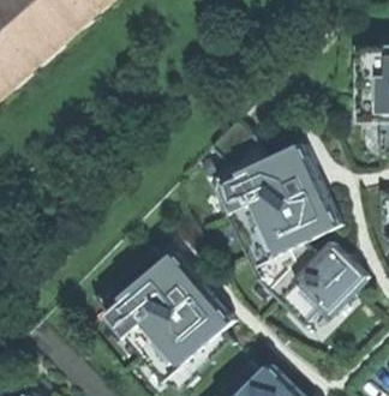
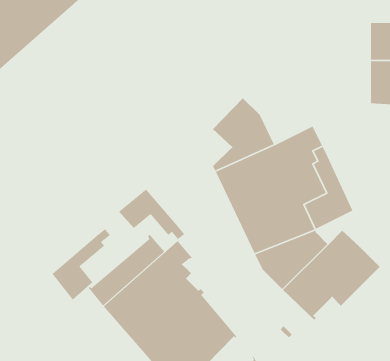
building: none -> [118,189,185,240]
building: none -> [51,228,111,300]

